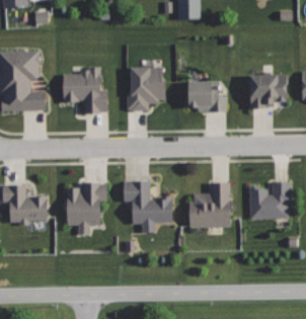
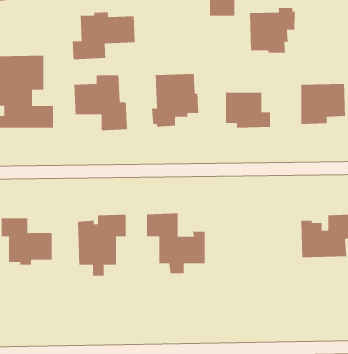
building: none -> [249,7,295,53]
building: none -> [72,12,136,60]
building: [188,181,230,227] -> none

